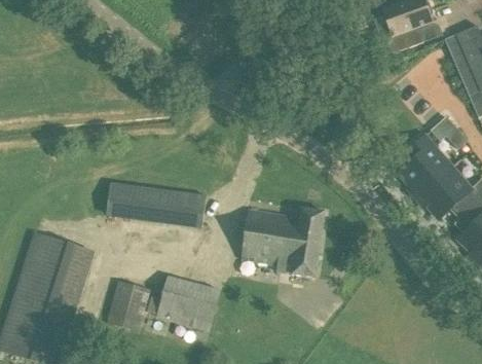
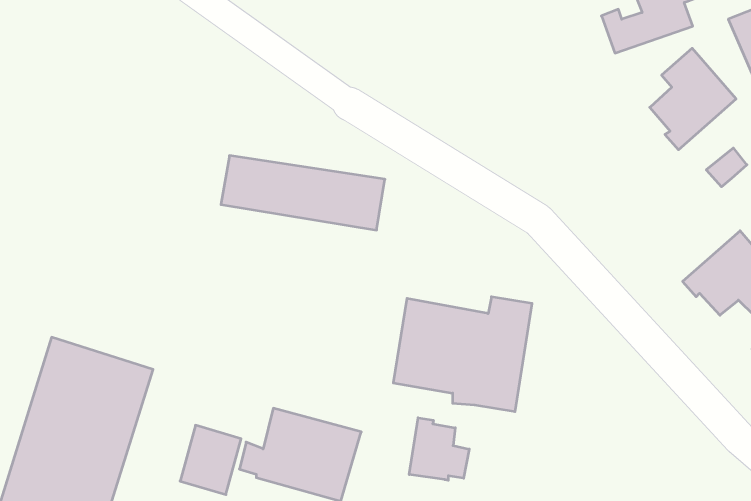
building: [399,136,451,197] -> [650,48,736,150]
building: [113,180,213,225] -> [221,156,385,230]
building: none -> [409,418,469,480]

